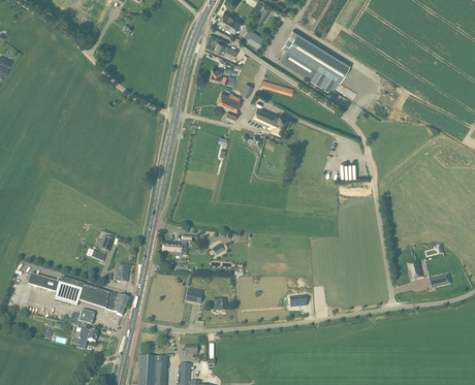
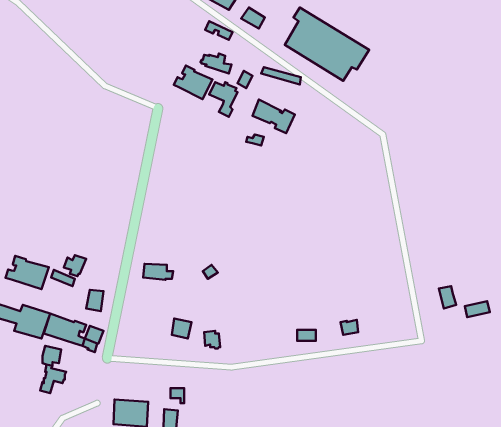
building: none -> [174,66,212,99]
building: none -> [5,256,49,289]

